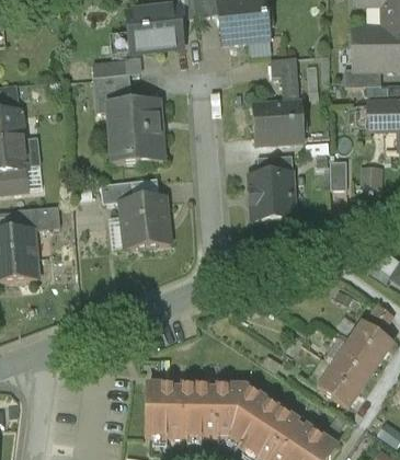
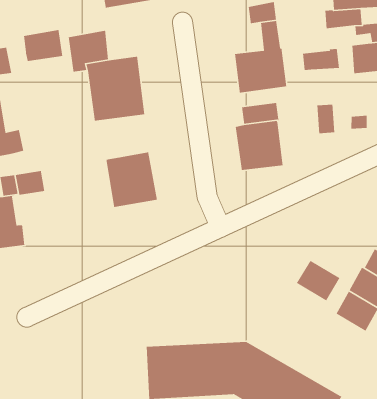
building: none -> [23,29,63,62]
building: none -> [302,48,340,71]
building: [100,180,134,202] -> none
building: [319,365,363,406] -> [296,260,341,301]

